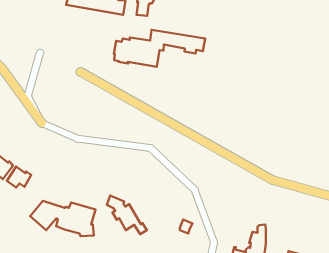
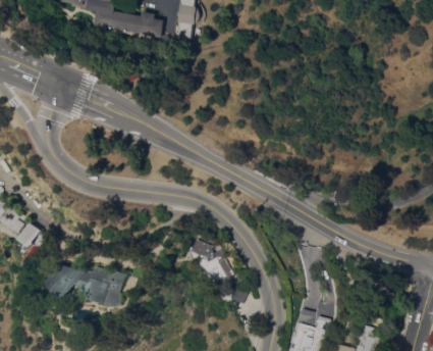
building: [114,30,205,67] -> none
building: [107,196,147,234] -> [187,240,236,287]

